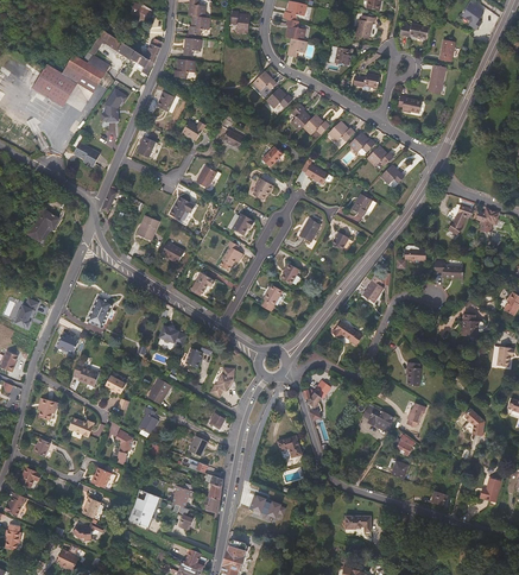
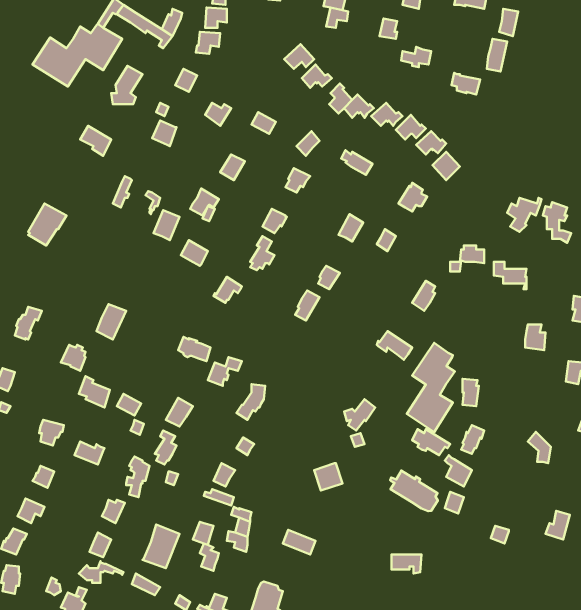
building: none -> [407,343,455,432]
building: none -> [390,470,438,511]

